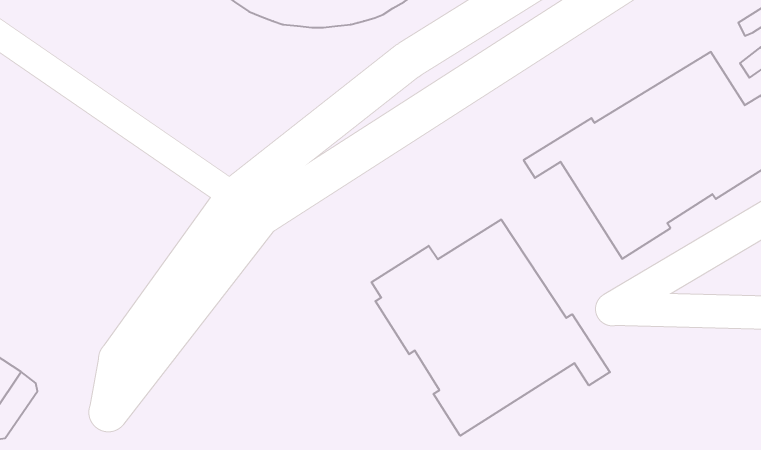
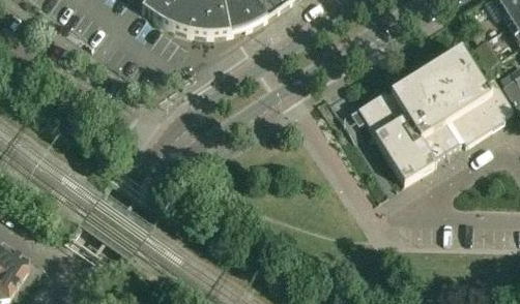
building: [372,219,610,436] -> none

